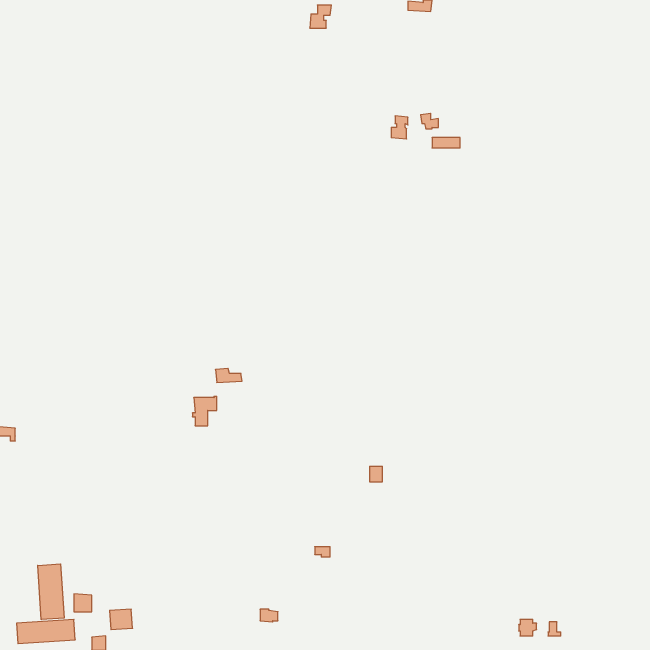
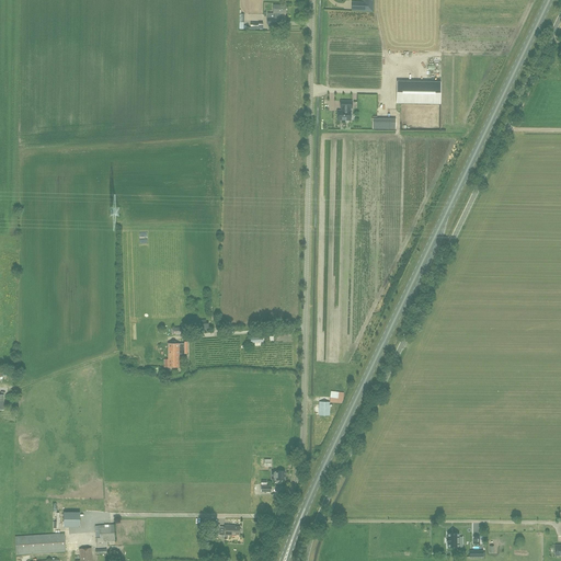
building: none -> [396,80,439,103]
building: [38,564,64,620] -> none

